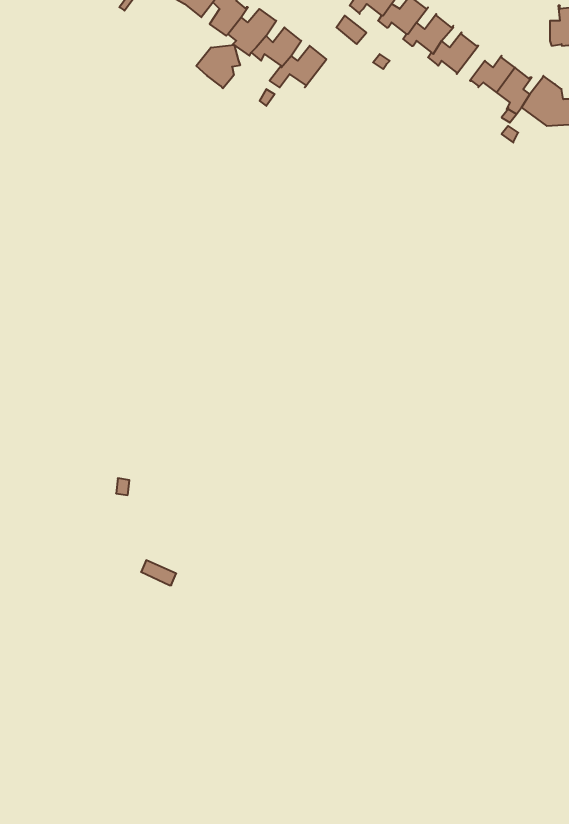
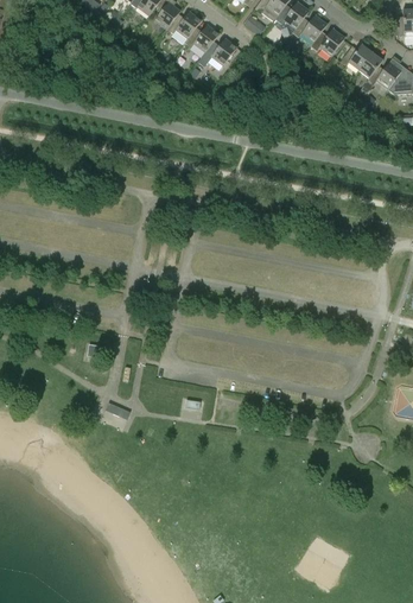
building: [196,45,240,88] -> none

